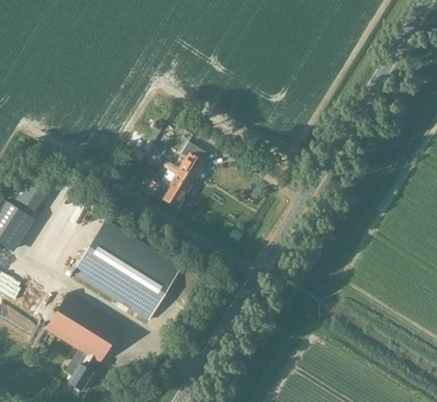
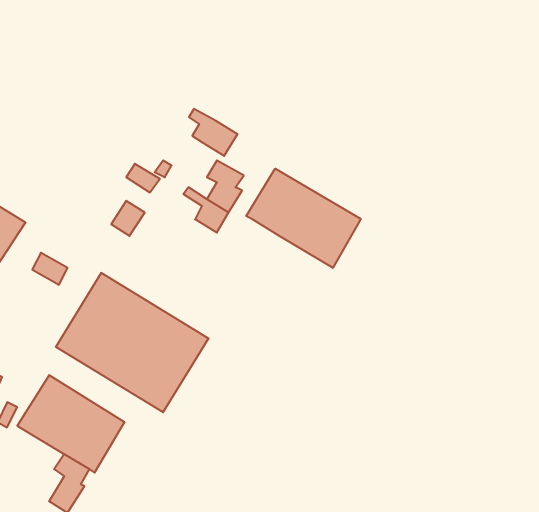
building: none -> [246,169,361,268]
building: [152,173,187,206] -> [189,109,238,156]

